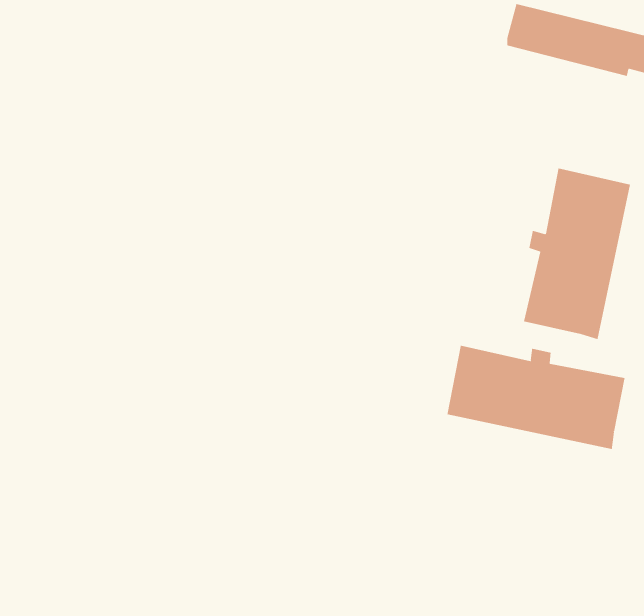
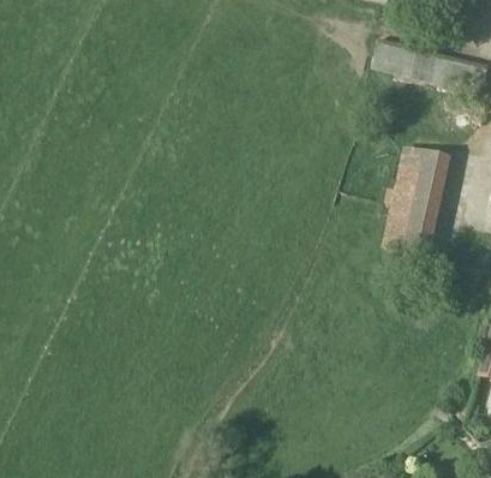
building: [447,345,625,450] -> none

